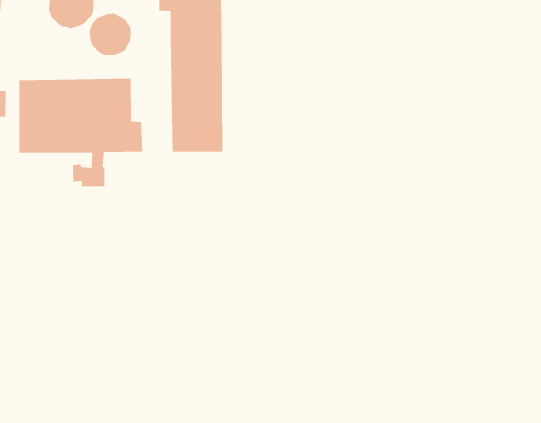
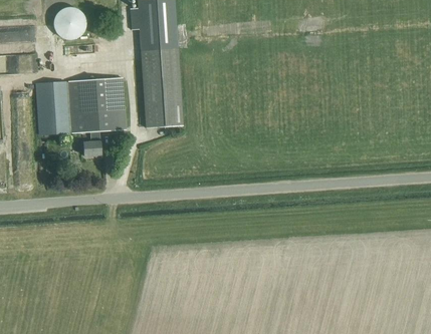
building: [89,13,131,56] -> none

